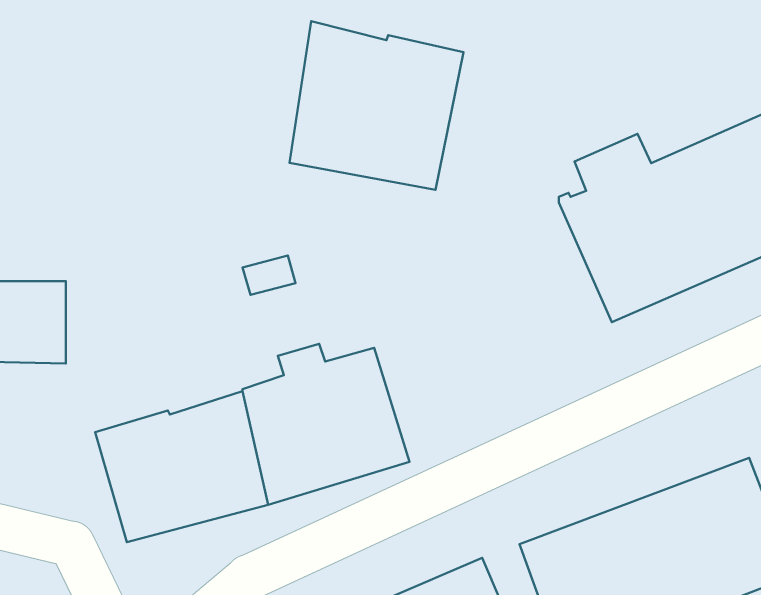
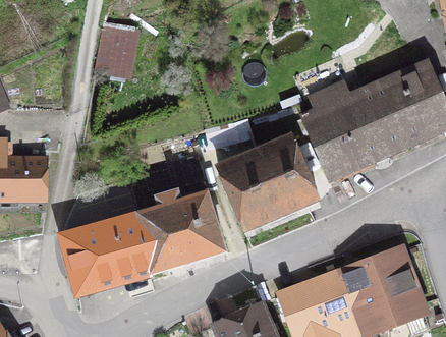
building: [289,21,463,190] -> none
building: none -> [95,25,135,75]
building: none -> [218,134,318,230]

